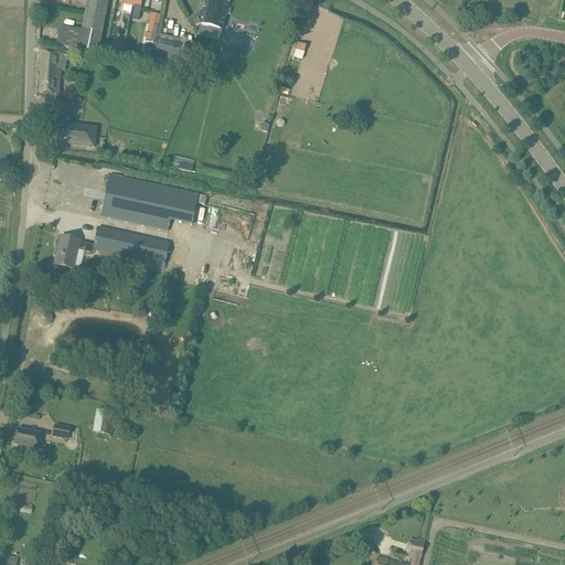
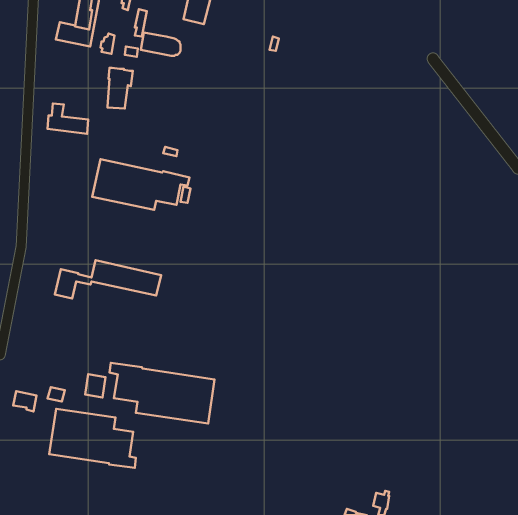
building: [40,49,67,93] -> [108,68,133,108]
building: [54,224,170,266] -> [55,260,161,299]
building: none -> [110,363,215,424]
building: none -> [49,409,136,468]

